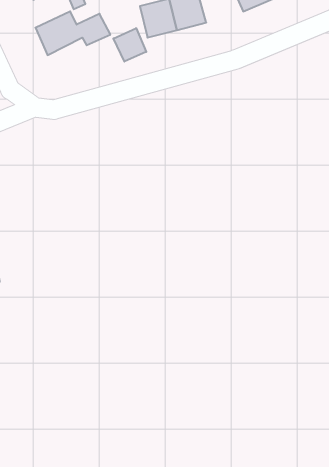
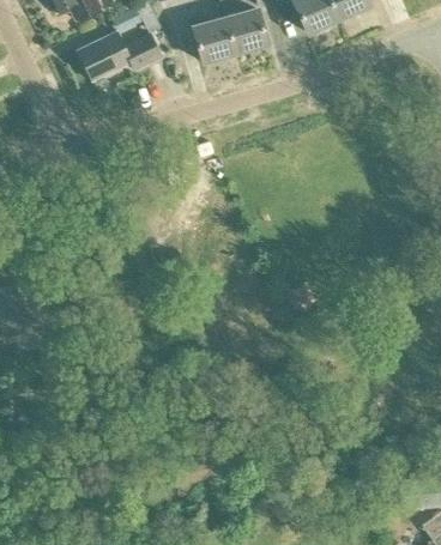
building: [113,28,146,62] -> none

